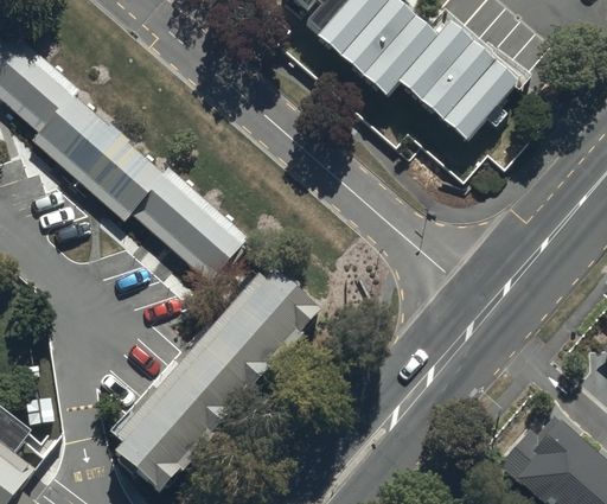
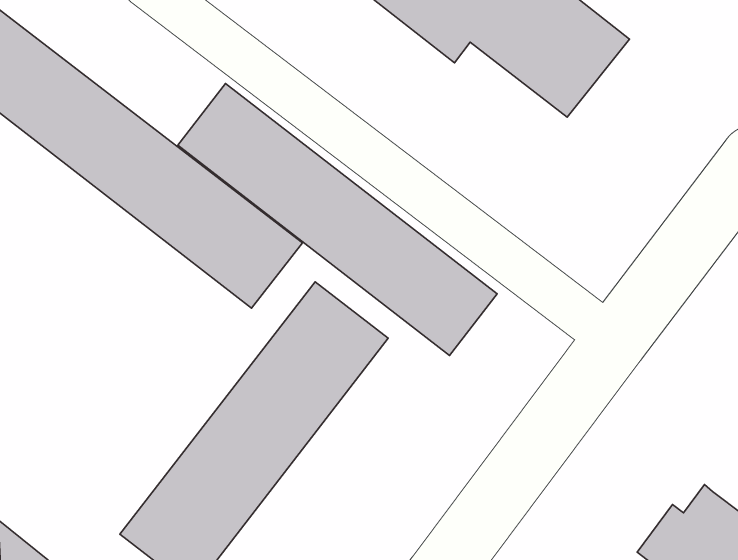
building: none -> [178,83,497,355]

